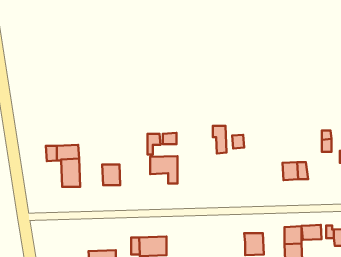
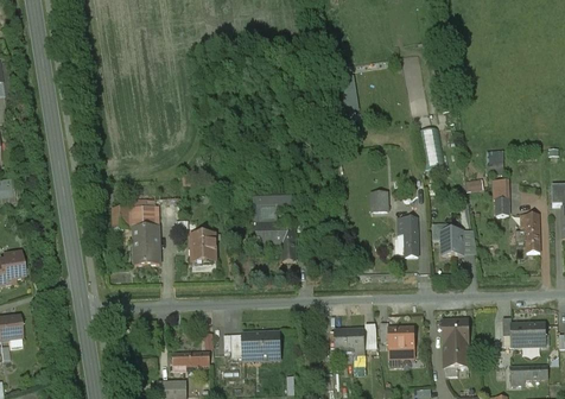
building: [213,126,226,153] -> [399,216,418,254]
building: [301,225,322,240] -> none
building: none -> [334,328,363,354]

